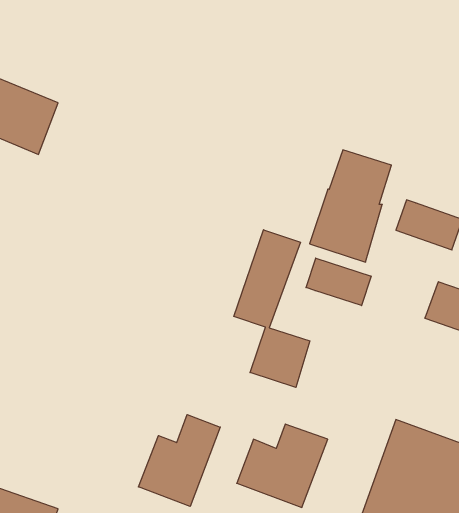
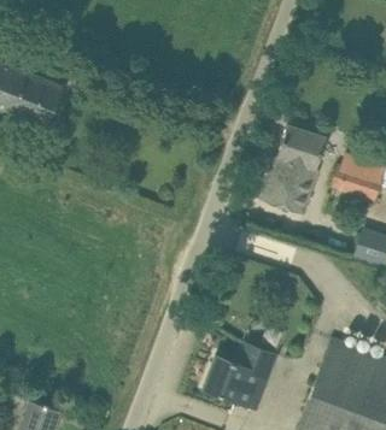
building: [234,230,310,387] -> none
building: [306,258,371,306] -> none
building: [138,415,220,506] -> none

